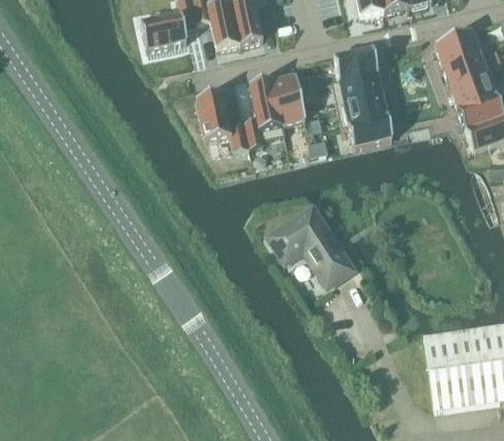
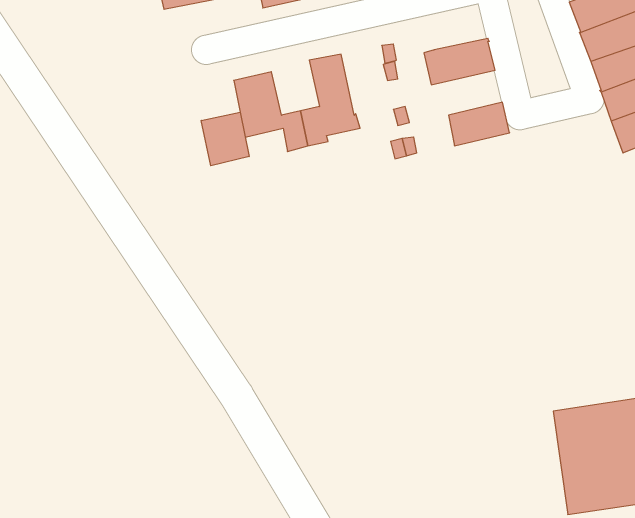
building: [334,49,378,79] -> none
building: [273,77,306,125] -> none
building: [337,93,388,126] -> none
building: none -> [201,112,249,166]
building: [270,208,353,286] -> none

